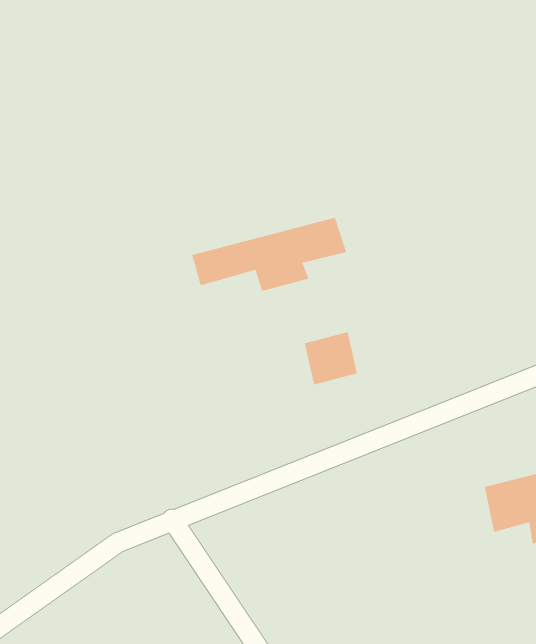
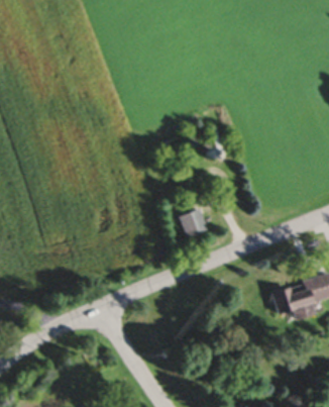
building: [191,217,347,292] -> none

